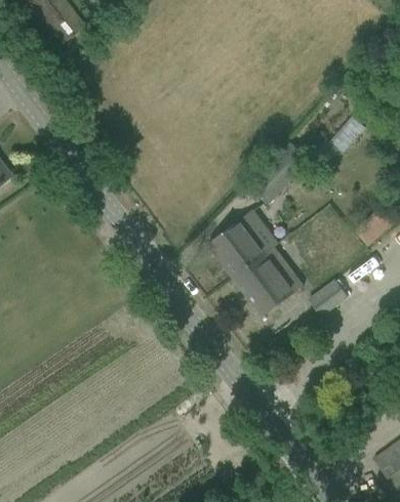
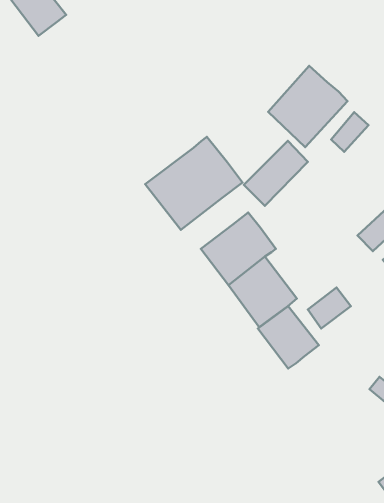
building: none -> [268,66,347,147]
building: none -> [145,137,242,230]
building: none -> [258,306,319,368]

